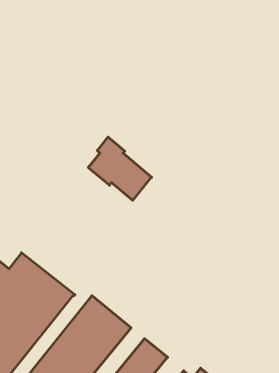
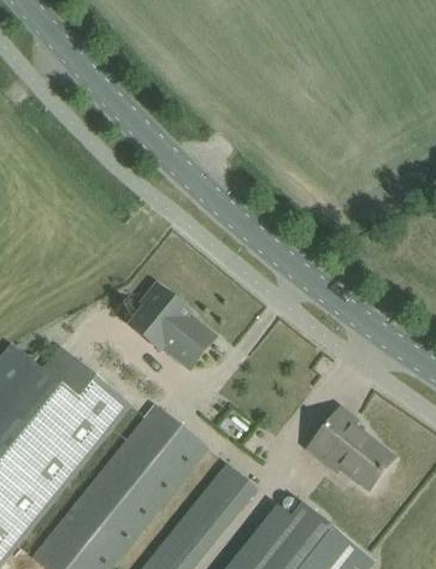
building: [88,137,152,200] -> [129,285,214,371]
building: none -> [311,409,393,491]

